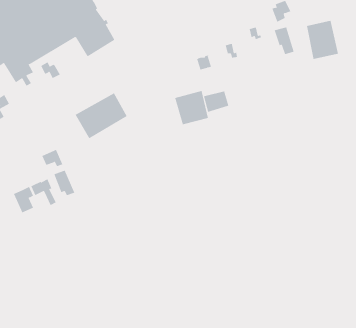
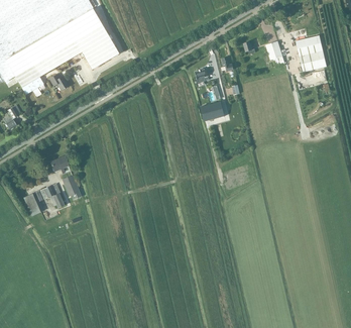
building: [174,90,209,125] -> none
building: [75,93,128,139] -> none

